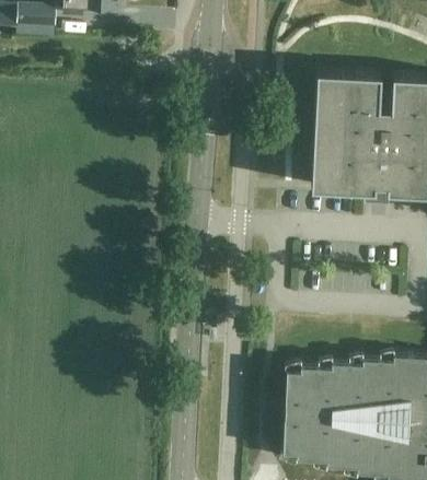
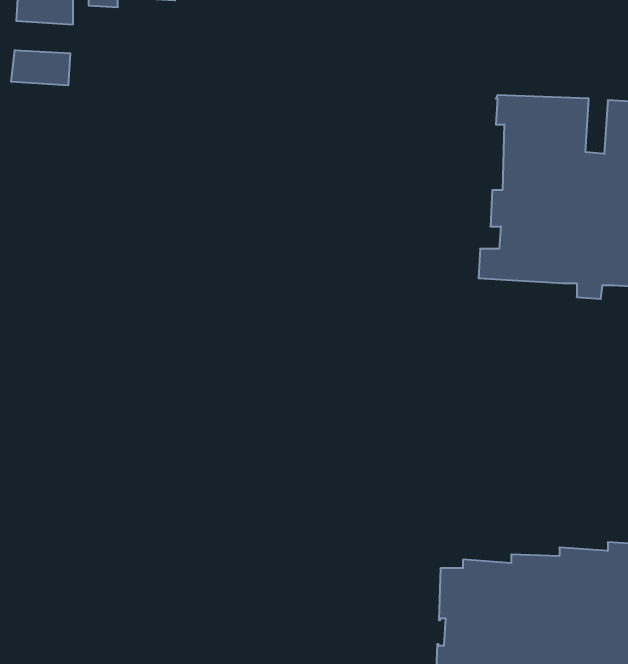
building: none -> [11,50,70,85]

